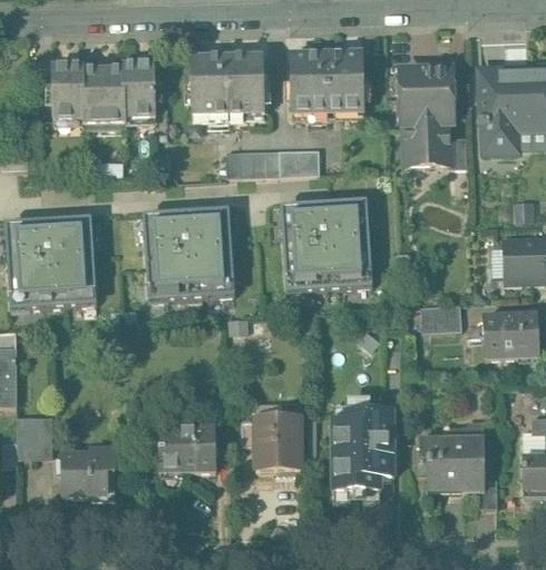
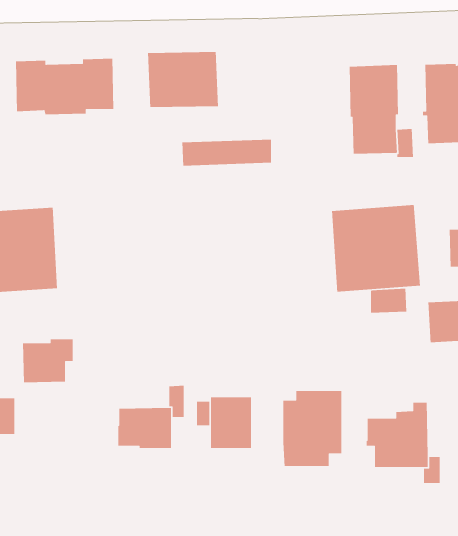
building: [290,51,363,111] -> none
building: [280,198,373,291] -> [331,204,421,292]
building: [142,207,234,299] -> none
building: [60,449,114,495] -> [22,338,73,383]

